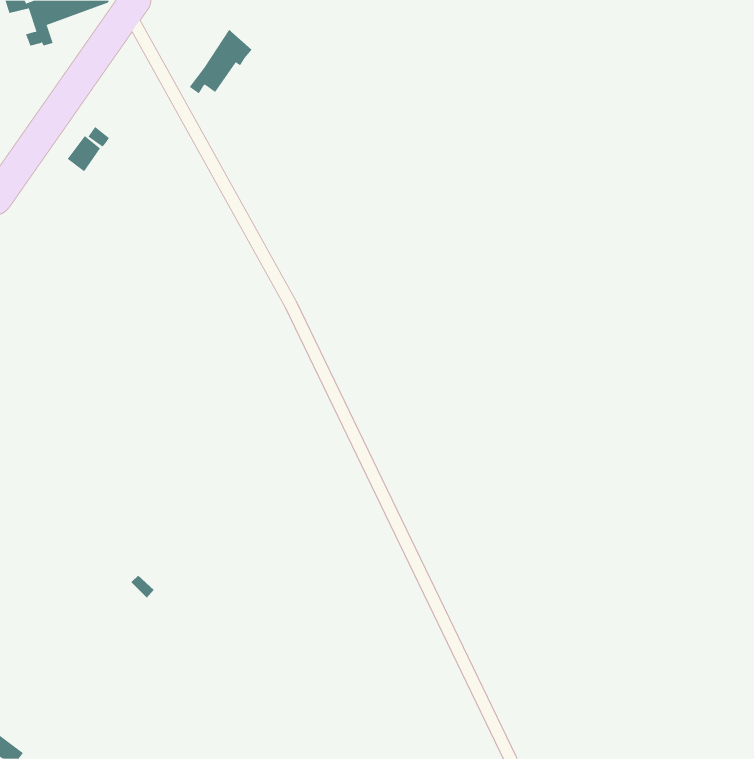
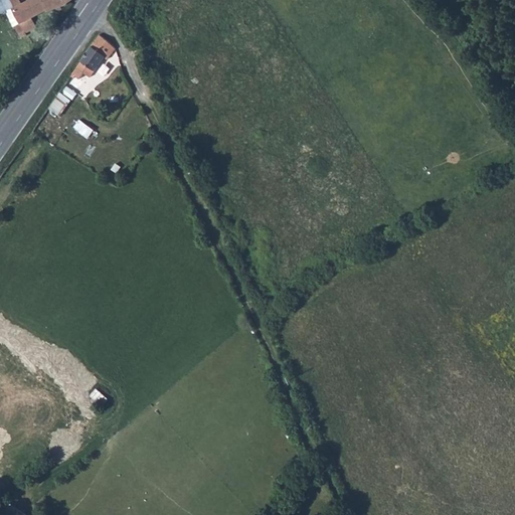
building: [189,29,252,94] -> [69,34,113,78]

